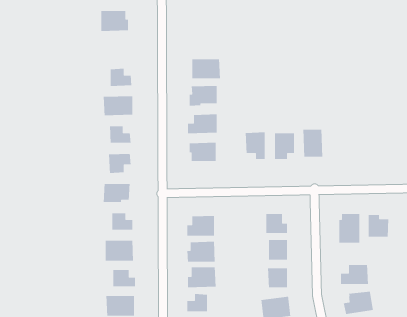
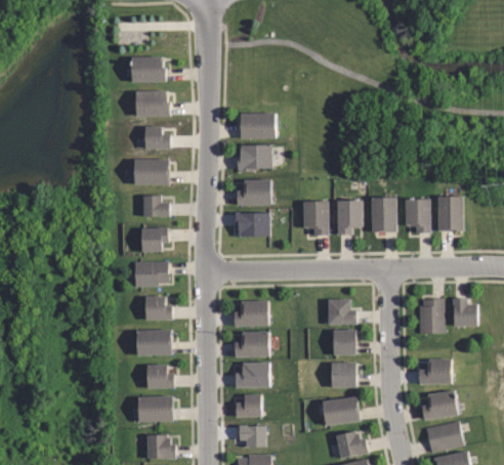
building: none -> [135,90,170,116]
building: none -> [438,196,464,230]
building: none -> [406,200,430,232]

